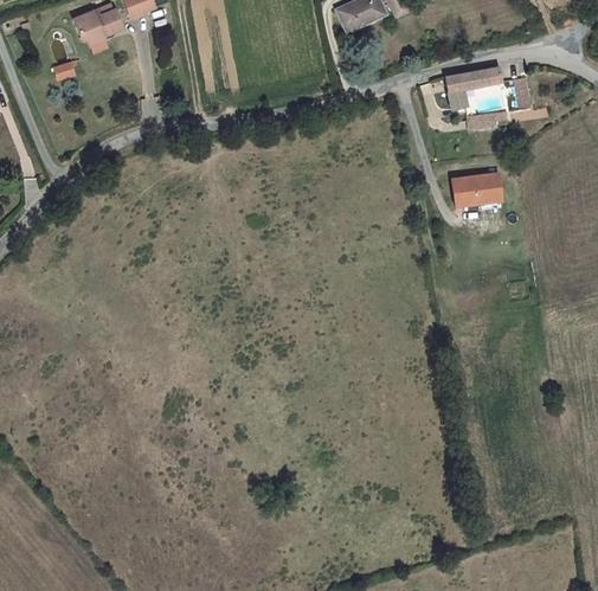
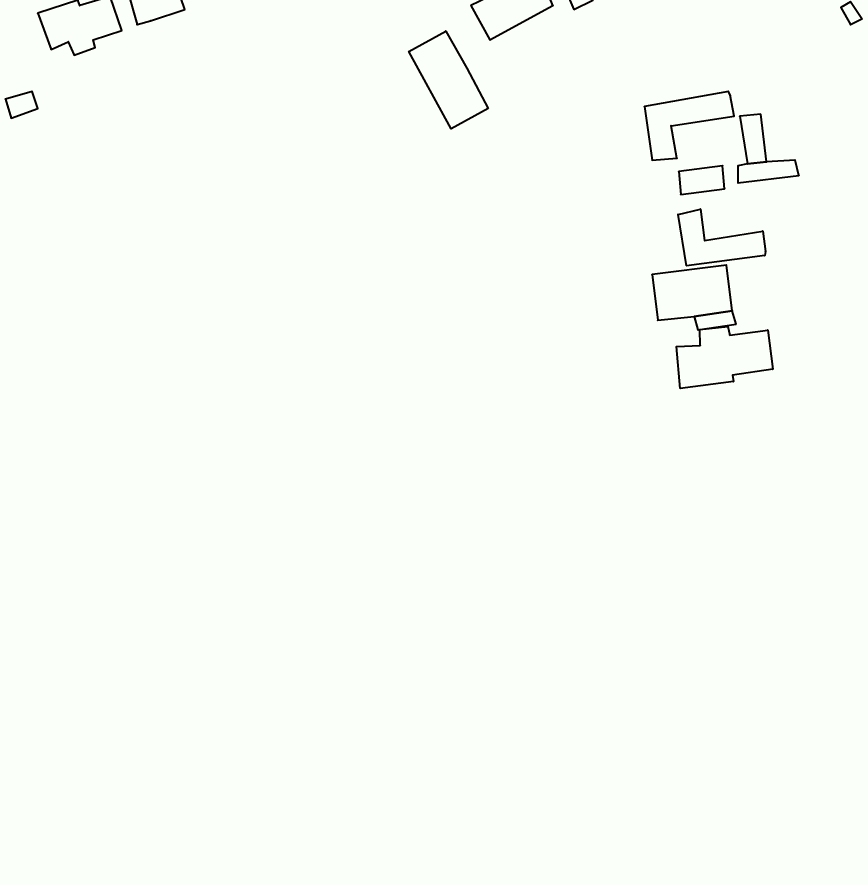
building: none -> [409,31,488,129]
building: none -> [678,209,765,266]
building: none -> [676,327,773,388]

